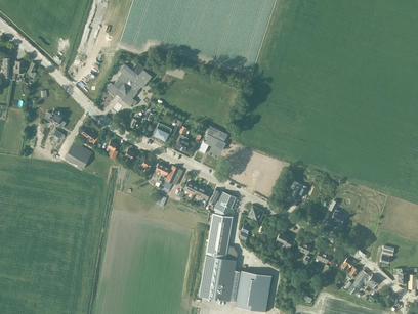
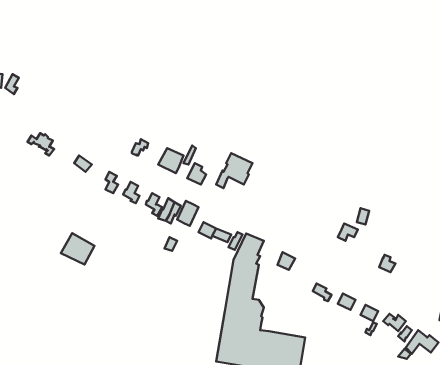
building: [106,61,152,106] -> none
building: [64,141,91,167] -> [61,233,95,265]

